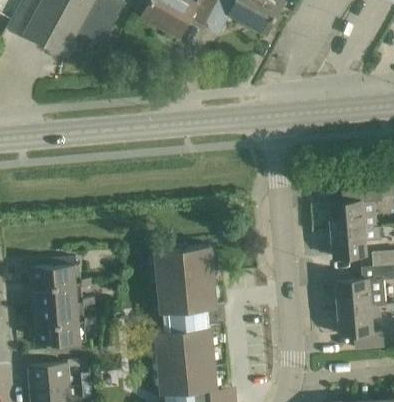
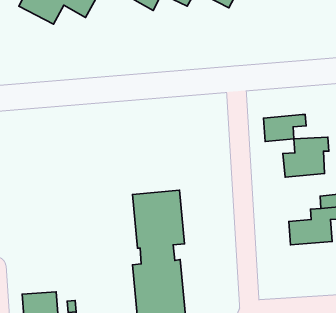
building: [331,226,380,257] -> [264,115,306,142]
building: [28,255,96,351] -> none
building: [337,304,385,348] -> none

